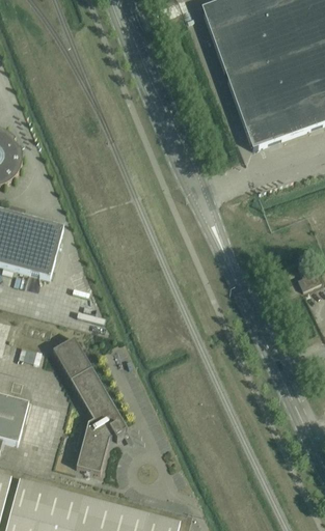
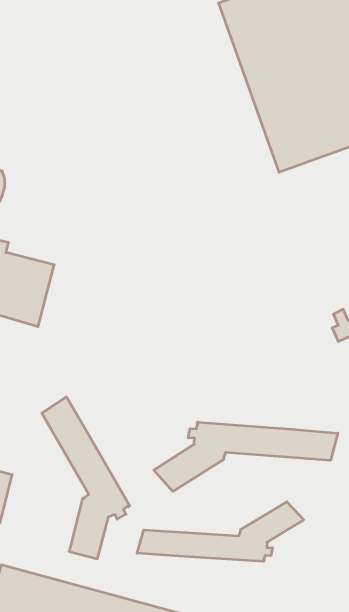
building: none -> [154,422,338,491]
building: none -> [137,502,304,561]

